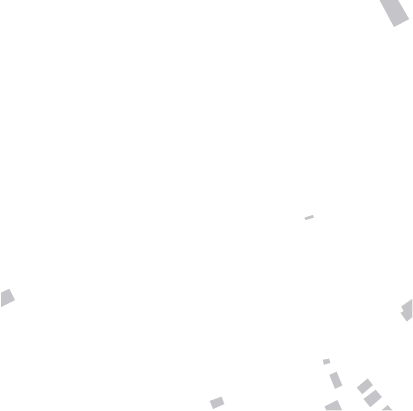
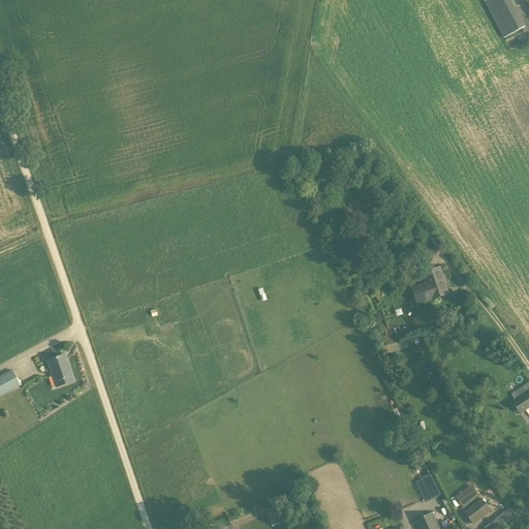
building: none -> [412,267,447,302]
building: none -> [48,353,73,385]

